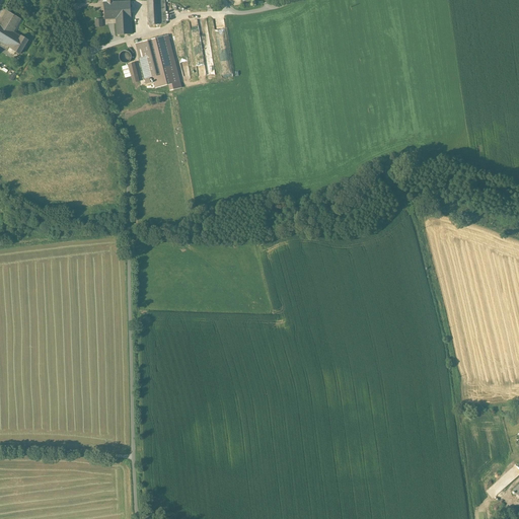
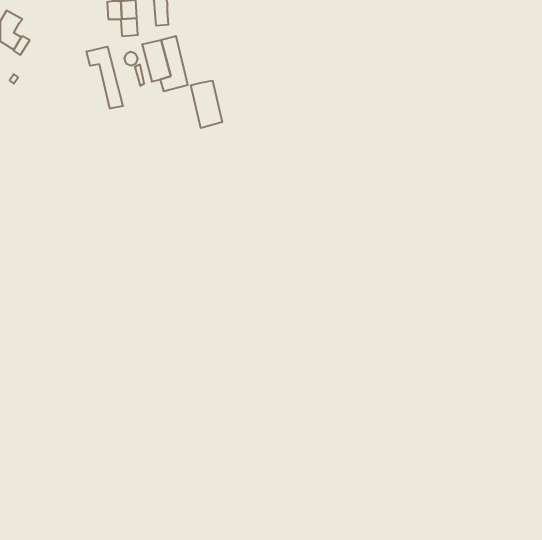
building: none -> [87,47,123,109]
building: none -> [191,81,222,128]

